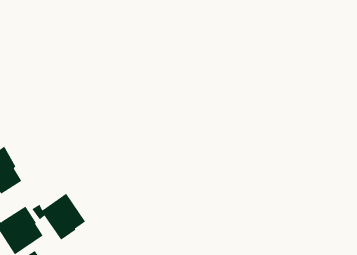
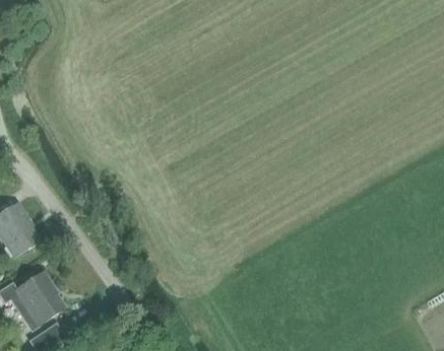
building: [32,193,86,241] -> none

